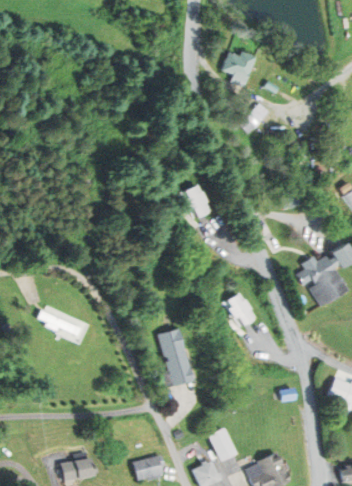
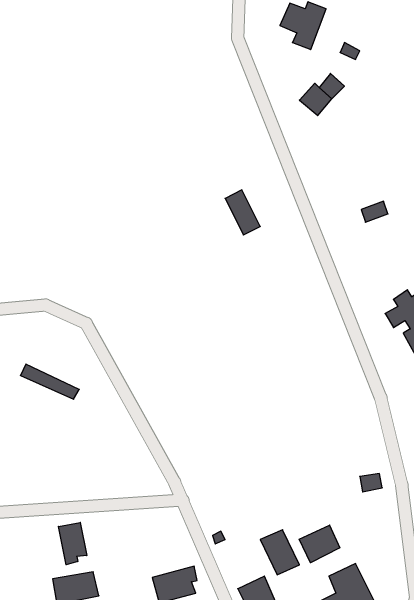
building: [226,294,254,326] -> none
building: [159,329,193,388] -> none
building: none -> [58,522,87,565]
building: none -> [299,525,340,563]

